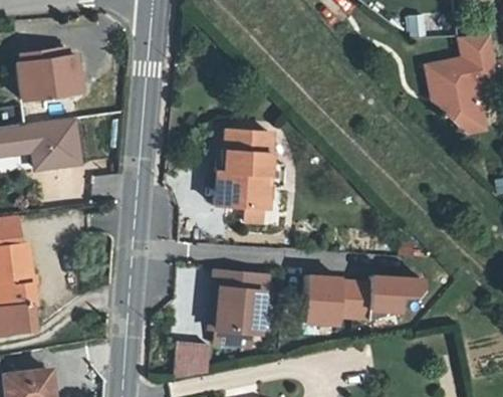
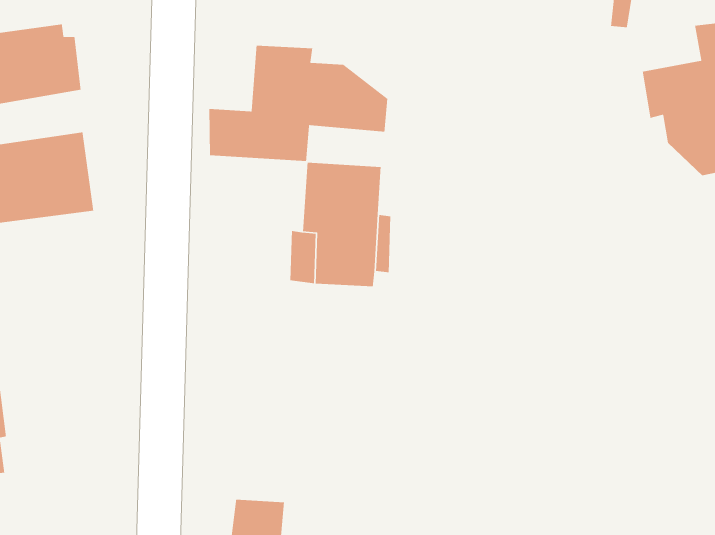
building: none -> [209,45,388,162]
building: [212,272,266,349] -> none
building: [305,272,427,322] -> none

